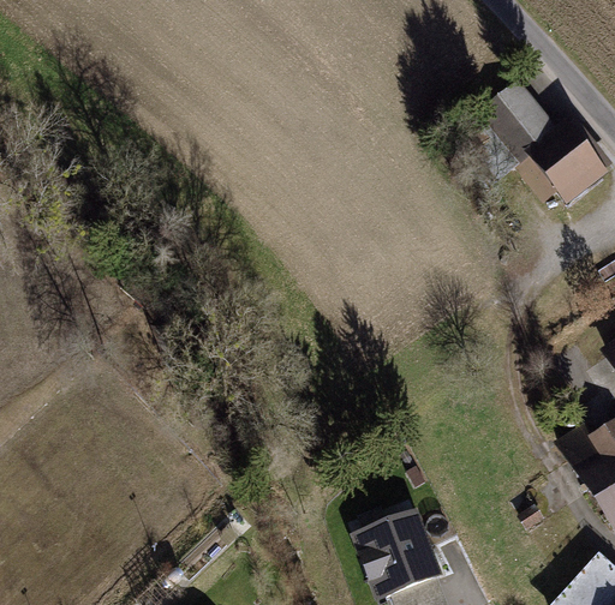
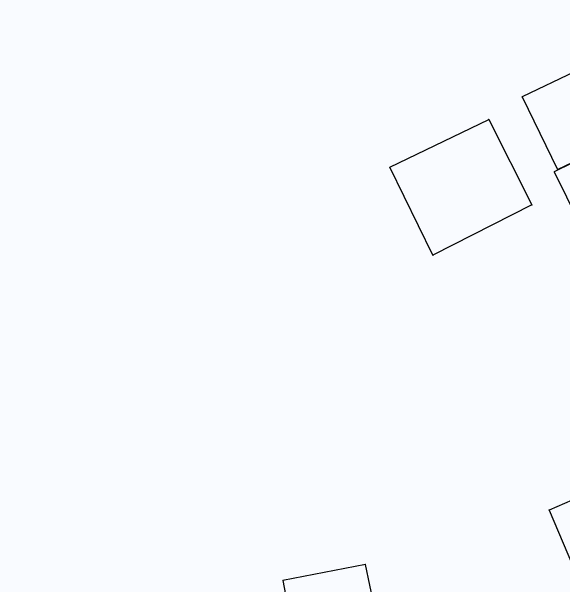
building: none -> [390,119,532,255]

